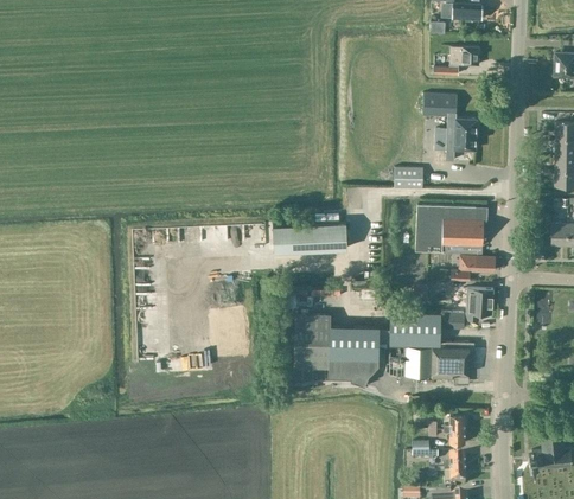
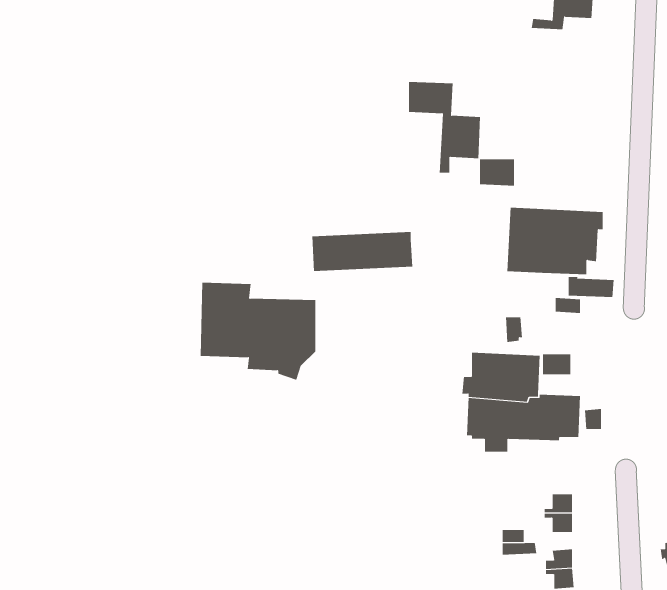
building: [423,92,477,160] -> [408,81,481,173]
building: [466,288,493,319] -> none
building: [294,313,380,385] -> [200,282,316,380]

